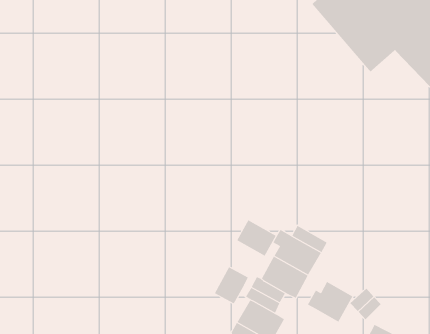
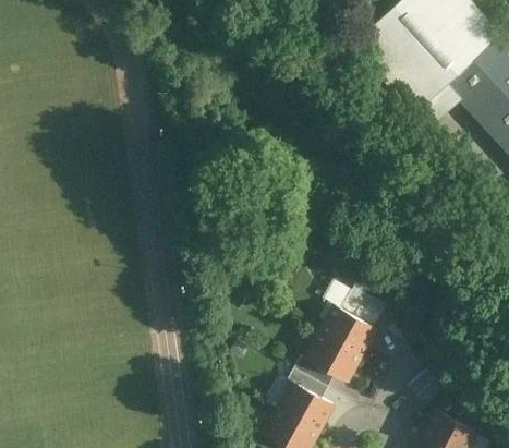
building: [236,220,276,257] -> none
building: [214,267,249,304] -> none
building: [307,281,353,323] -> none

